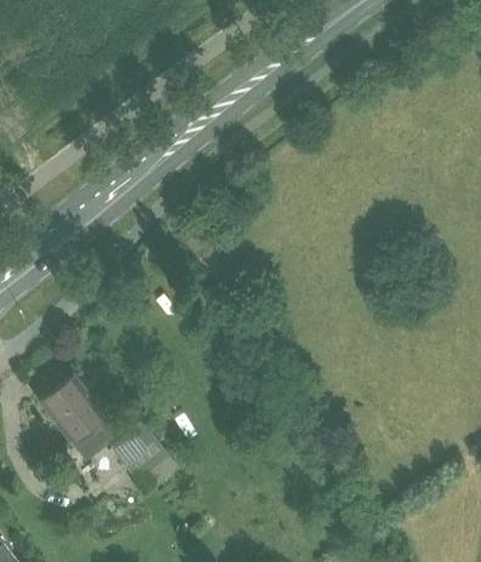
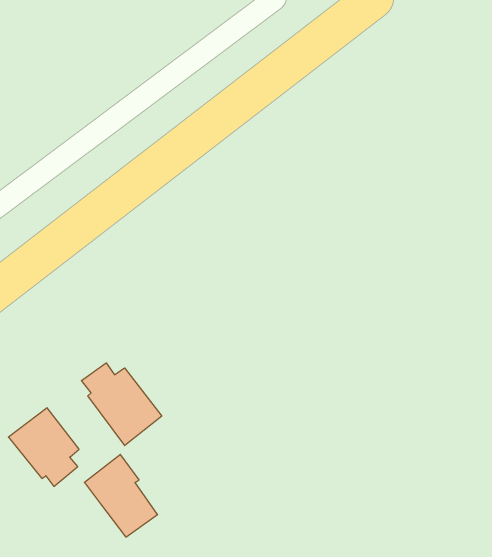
building: none -> [81,363,162,446]

